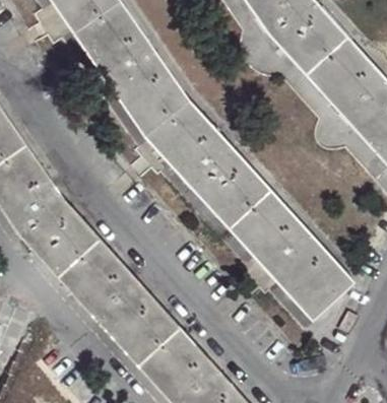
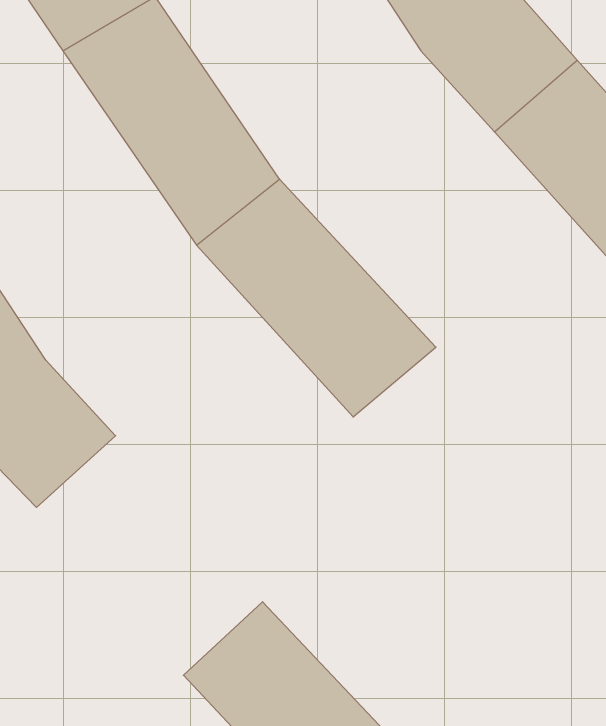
building: [228,190,354,323] -> none
building: [57,238,179,366] -> none

